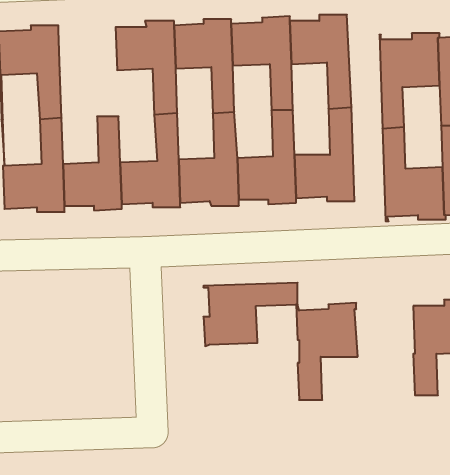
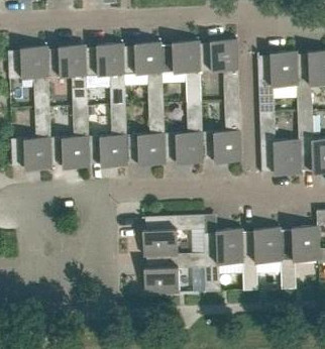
building: none -> [47,44,87,106]
building: none -> [241,227,281,290]
building: none -> [144,252,205,294]

